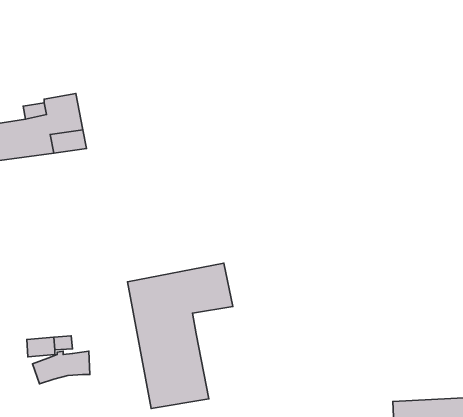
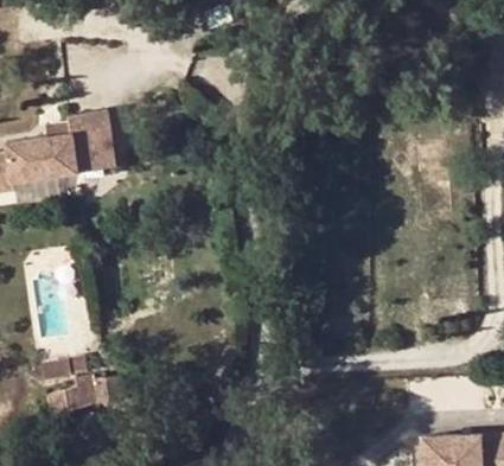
building: [128,263,233,409] -> none

